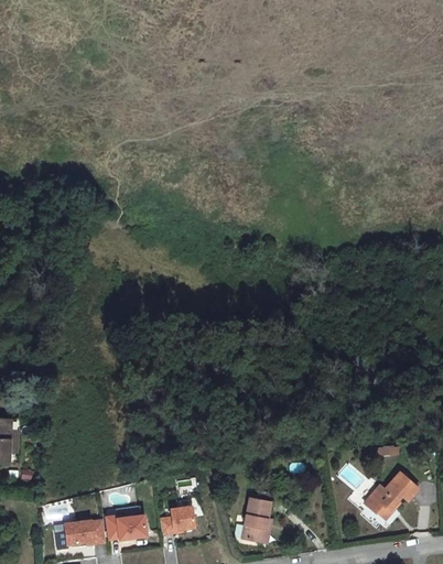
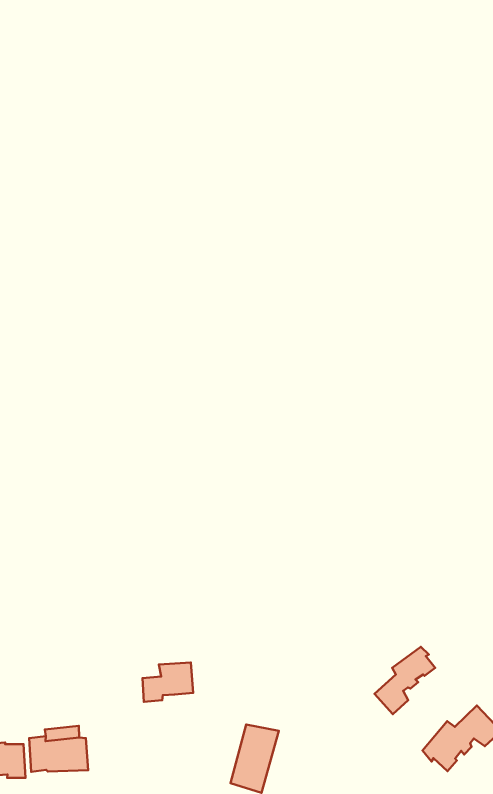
building: none -> [375,647,435,714]
building: [160,508,194,536] -> [143,663,193,702]

